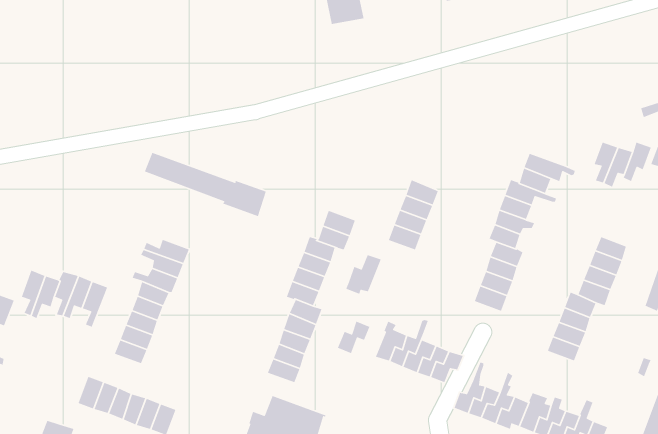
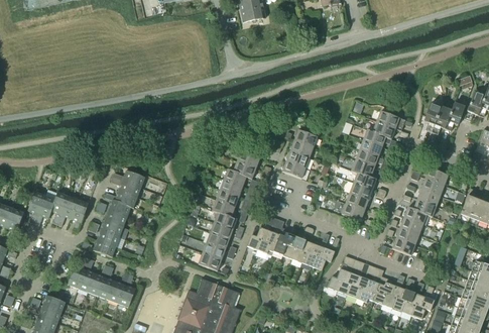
building: [144,152,267,217] -> none
building: [345,254,382,295] -> [255,231,280,259]

